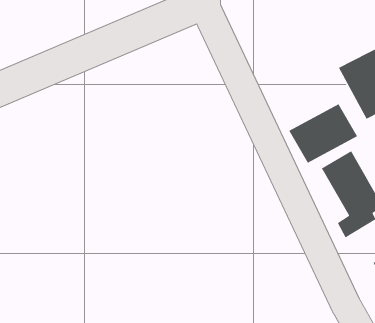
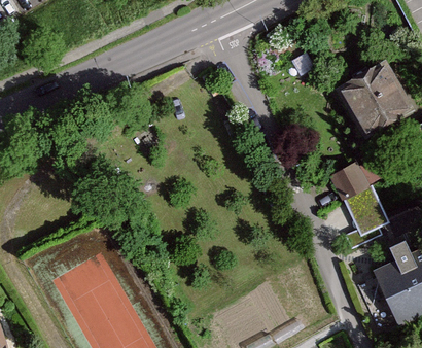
building: [288,103,358,164] -> none

